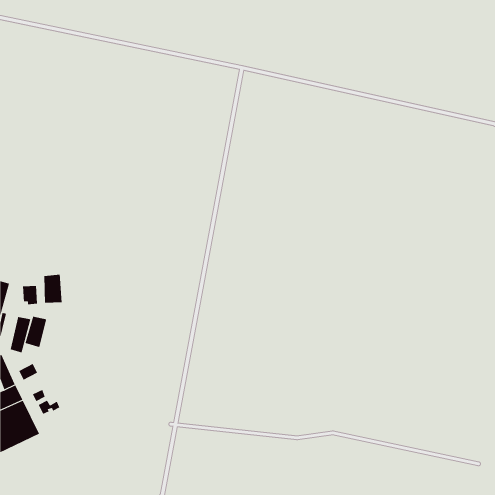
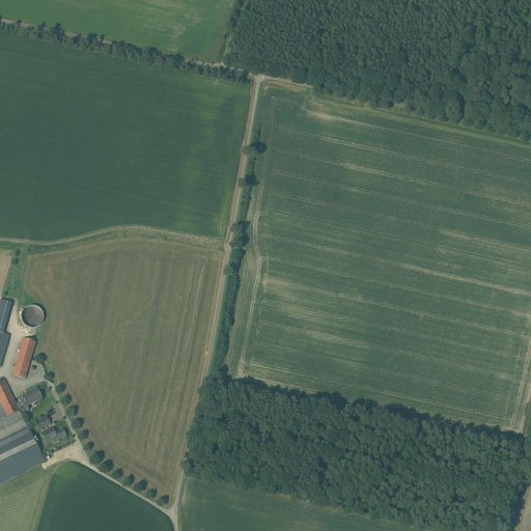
building: [44,274,62,303] -> none
building: [25,316,47,348] -> none

